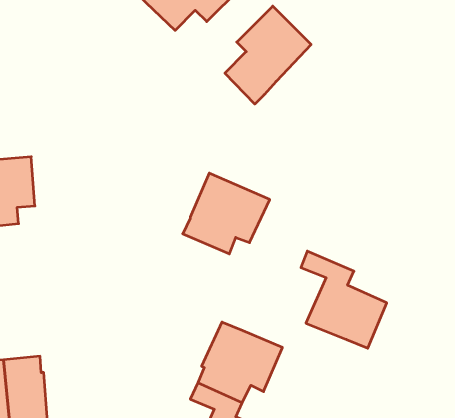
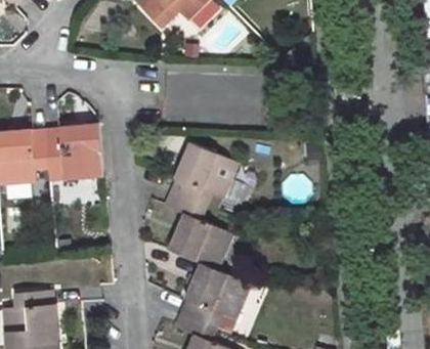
building: [225,6,311,104] -> none
building: none -> [47,123,104,179]
building: [301,251,387,348] -> [165,191,234,270]

